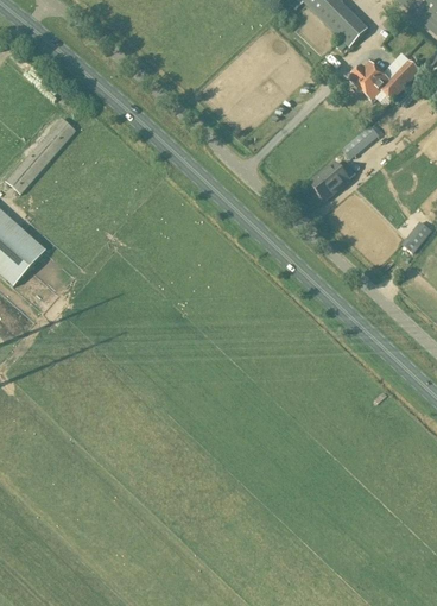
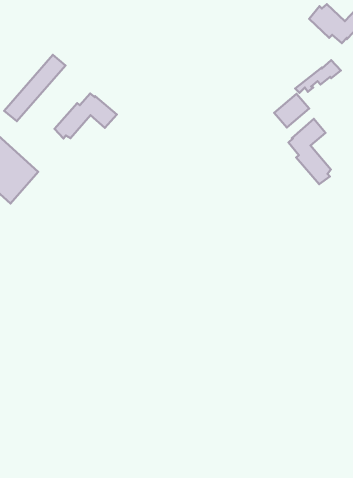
building: none -> [55,94,117,138]
building: none -> [288,119,331,184]

